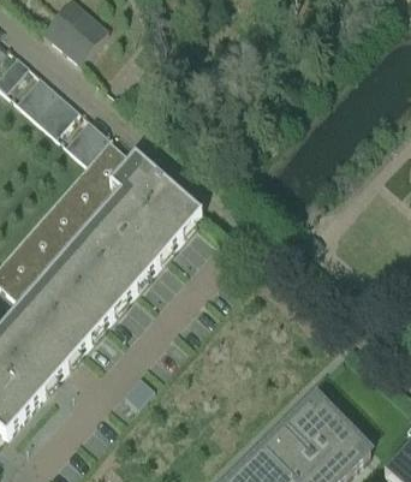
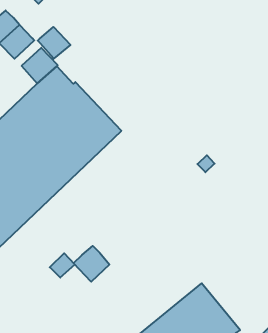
building: none -> [38,27,70,59]
building: none -> [74,246,109,282]

